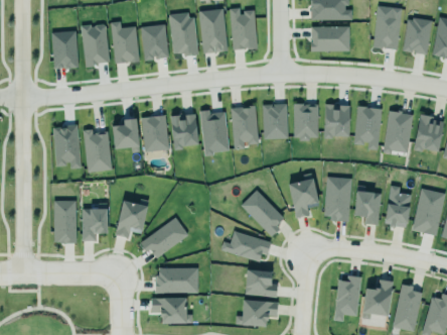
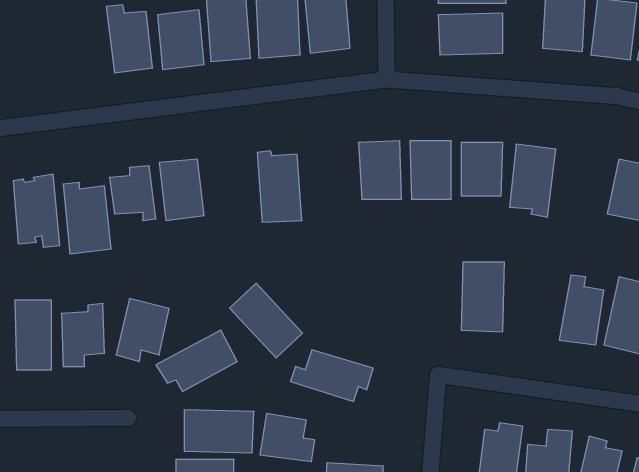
building: [81,24,109,67] -> none
building: [51,31,78,69] -> none
building: [232,106,258,148] -> none
building: [383,111,413,154] -> none
building: [170,113,198,148] -> none
building: [288,177,318,218] -> none
building: [241,190,285,235] -> [230,283,303,358]
building: [354,192,381,225] -> none
building: [244,268,277,298] -> [260,413,315,462]

